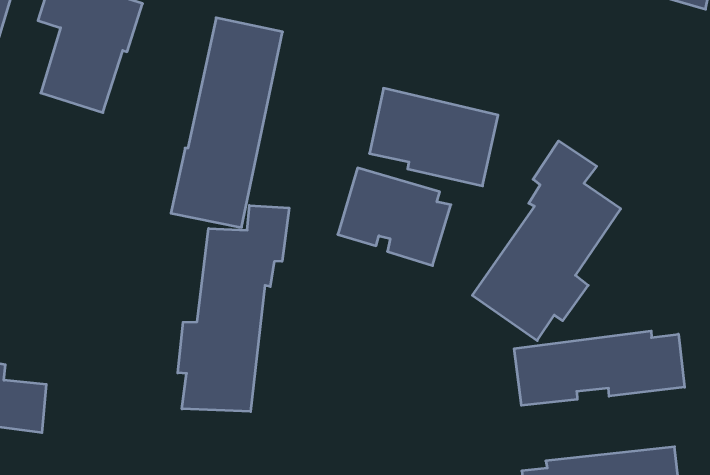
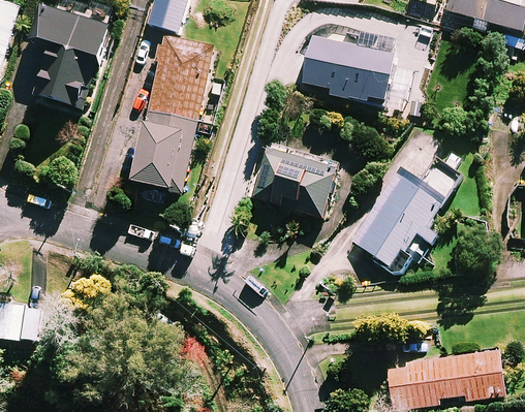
building: [369,88,498,186] -> [301,33,395,104]
building: [178,205,289,412] -> none
building: [514,331,685,405] -> none

